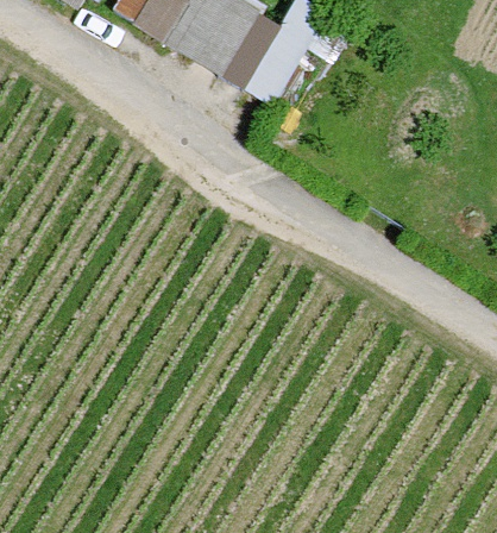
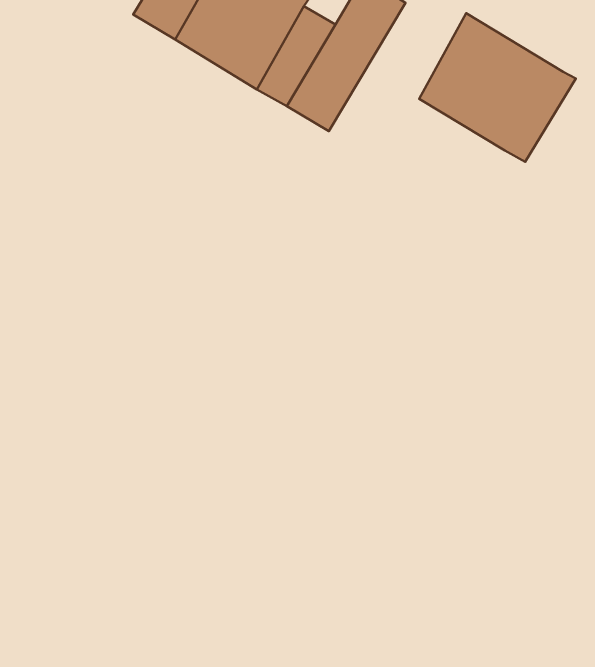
building: none -> [419,13,576,162]

